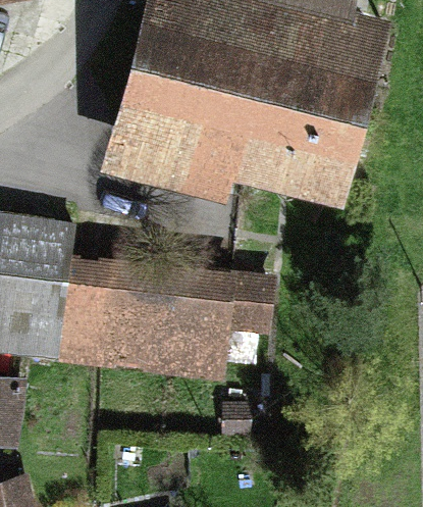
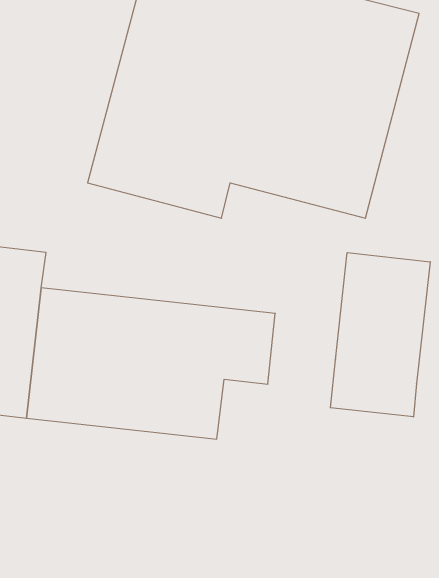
building: none -> [330,253,430,417]

